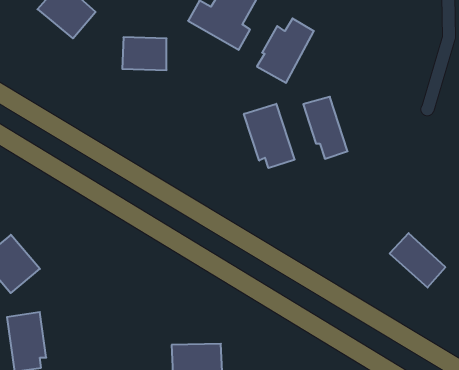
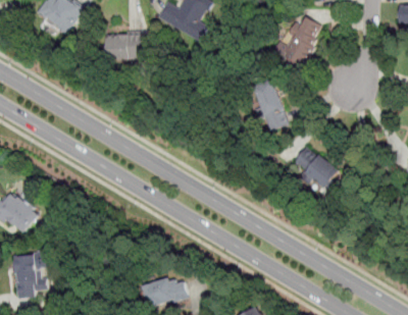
building: [257,18,314,83] -> [276,15,322,67]
building: [244,104,295,168] -> none
building: [390,233,445,288] -> [292,145,337,189]

